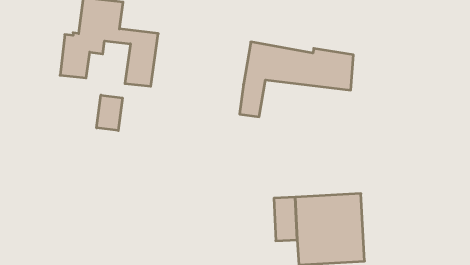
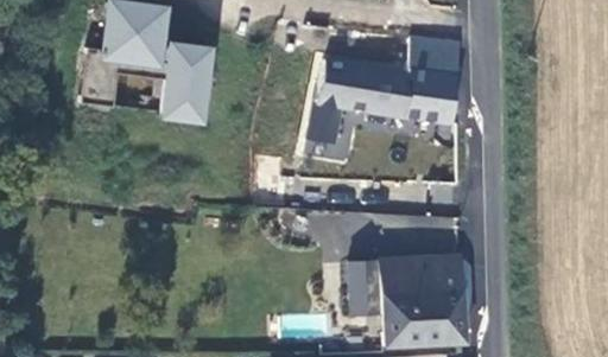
building: none -> [406,44,458,77]
building: [97,95,122,131] -> none

